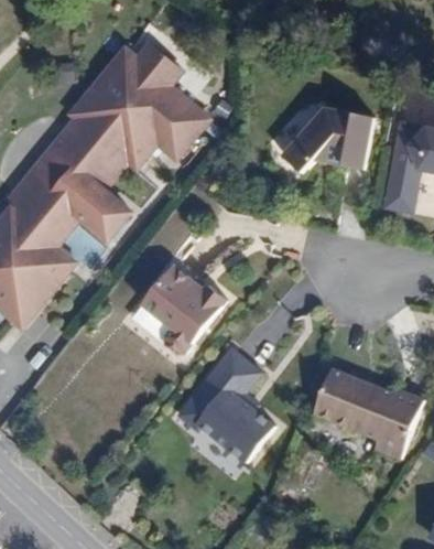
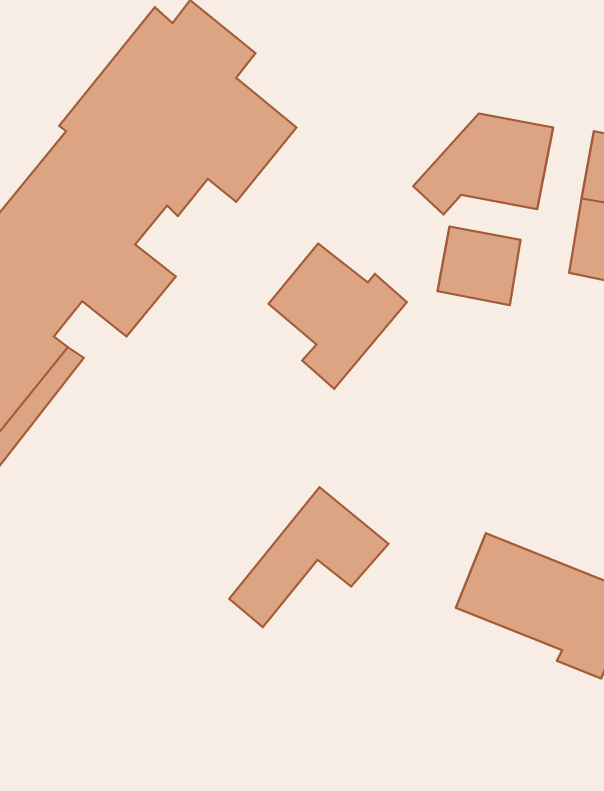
building: none -> [437,226,520,305]
building: [143,260,229,351] -> [269,244,407,389]
building: [192,386,276,469] -> none

